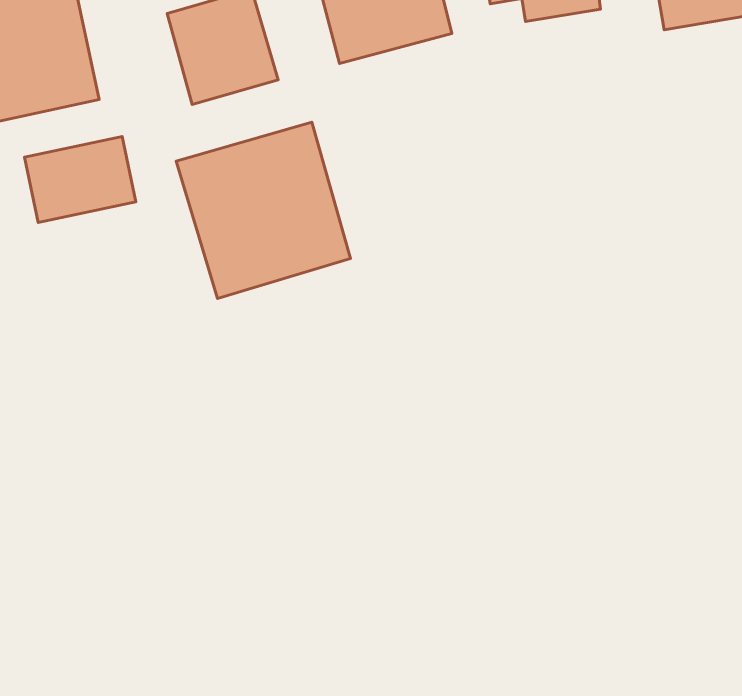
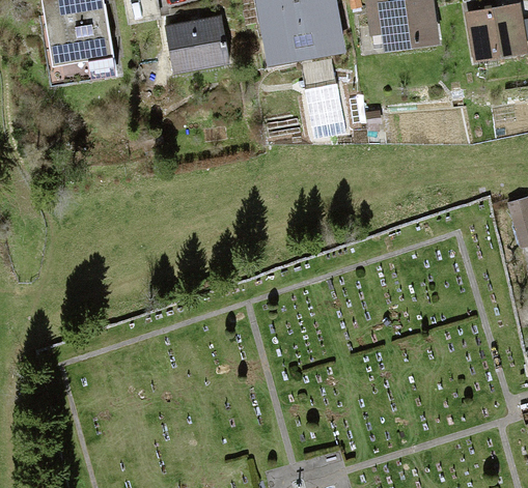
building: [176,122,350,299] -> none
building: [24,137,136,222] -> none

